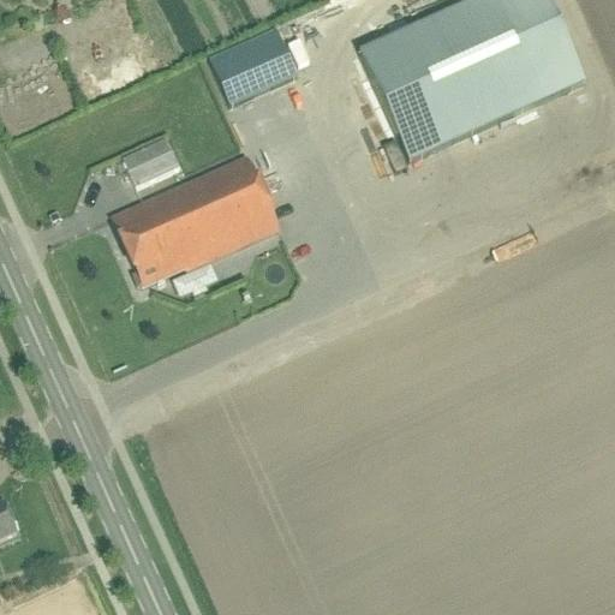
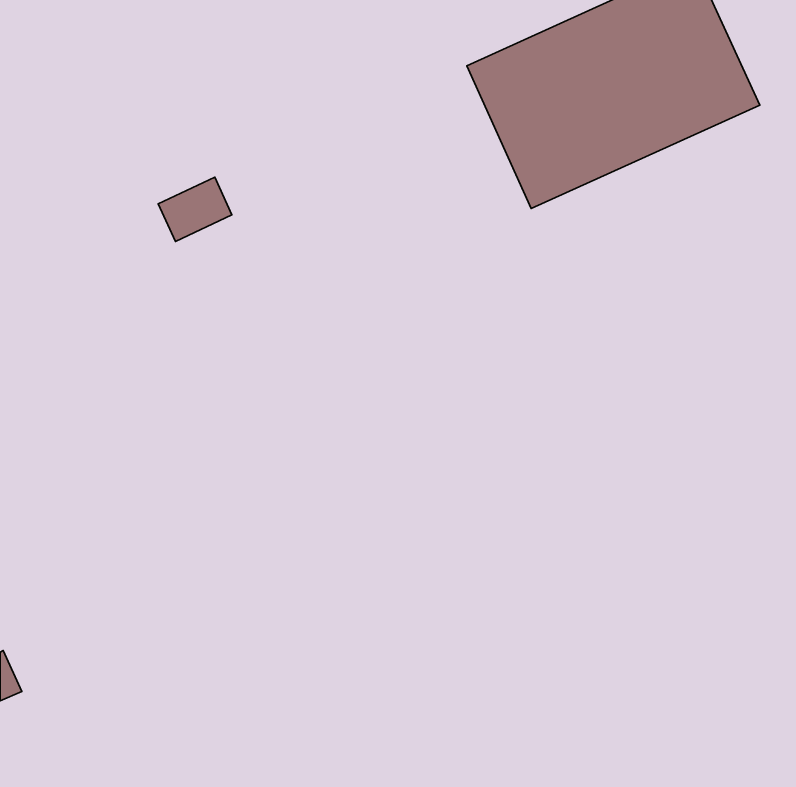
building: [211,29,299,105] -> none
building: [112,154,282,285] -> none

